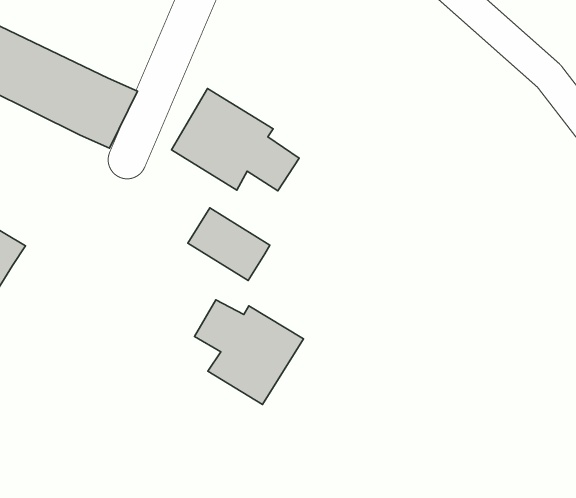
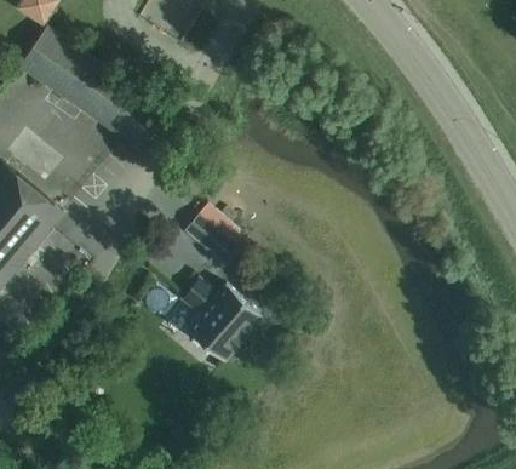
building: [171,89,299,191] -> none

